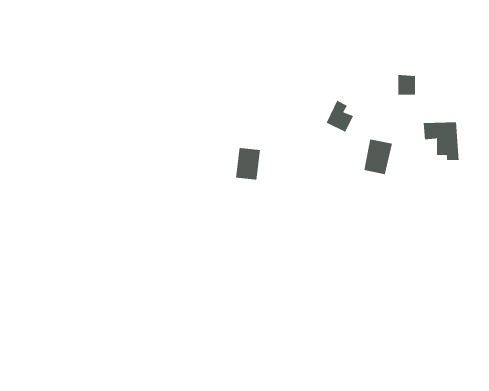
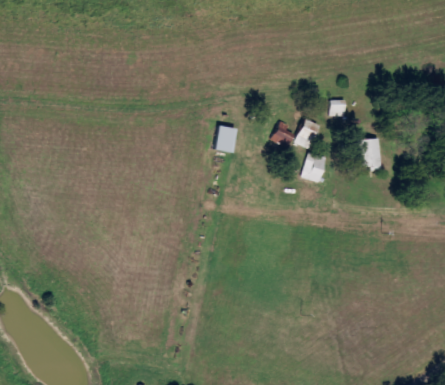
building: none -> [294,118,319,148]
building: [235,147,261,180] -> [214,125,235,152]

